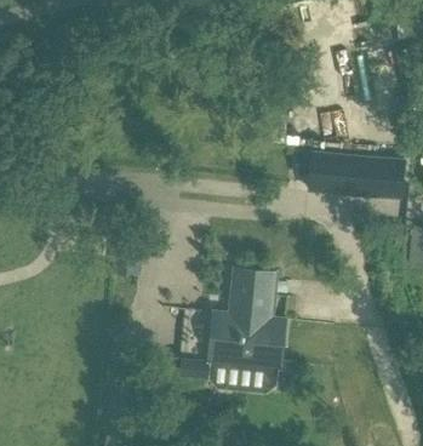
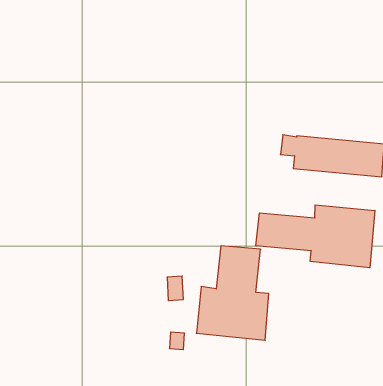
building: none -> [256,205,375,268]

